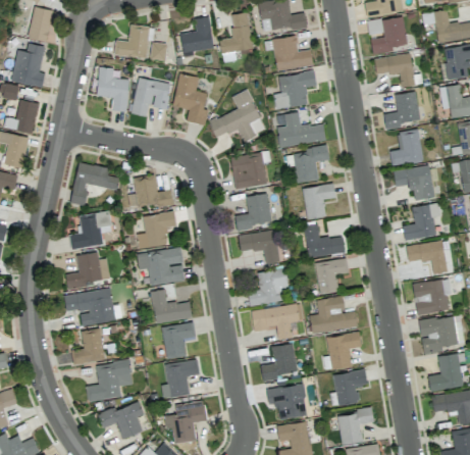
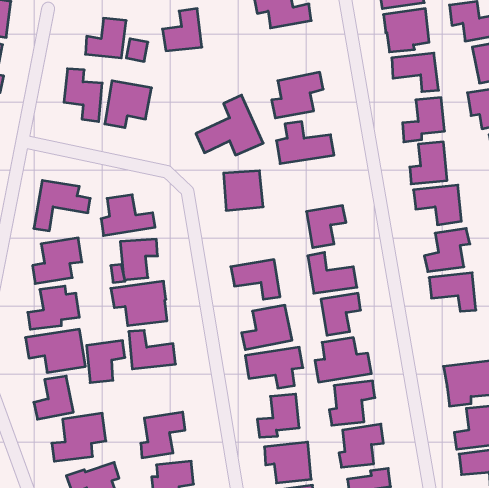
building: [220,13,252,52] -> none
building: [273,36,313,70] -> none
building: [173,73,208,125] -> none
building: [284,147,330,184] -> none
building: [236,194,271,229] -> none
building: [413,279,452,314] -> none
building: [163,322,196,358] -> [87,341,125,383]

